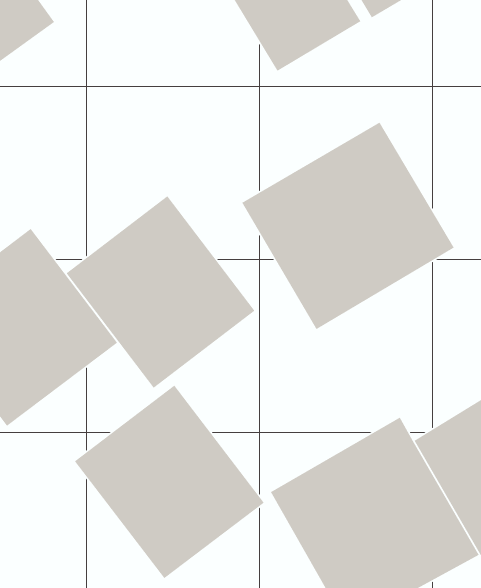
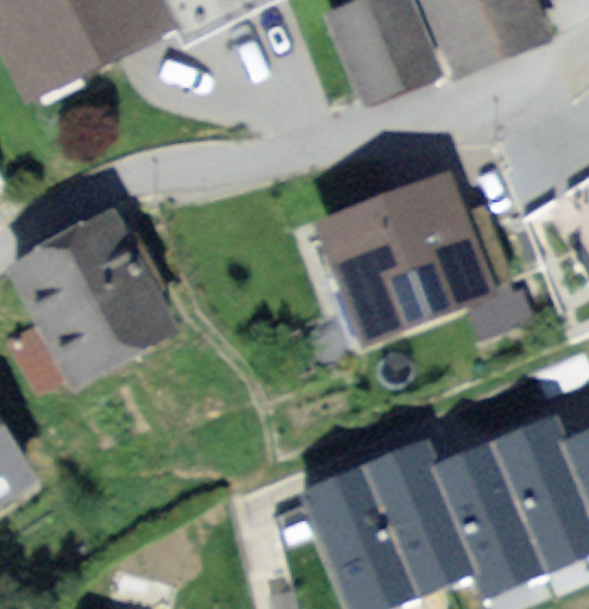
building: [65,195,255,389] -> none
building: [74,385,265,579] -> none

